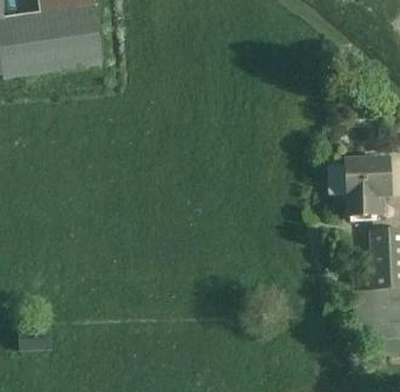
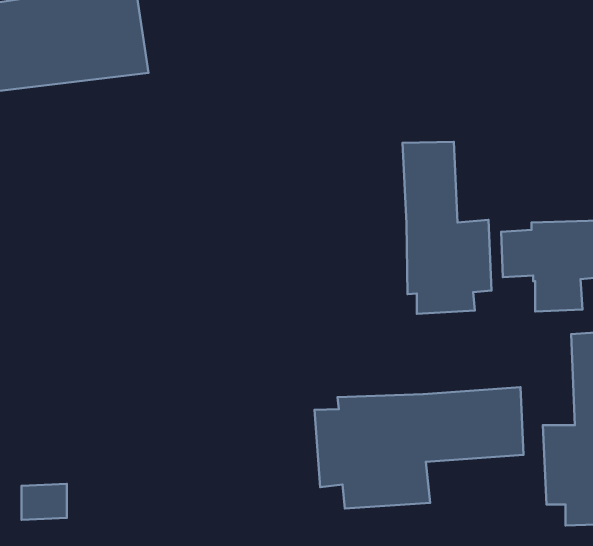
building: none -> [403,142,491,314]
building: none -> [314,387,523,509]

